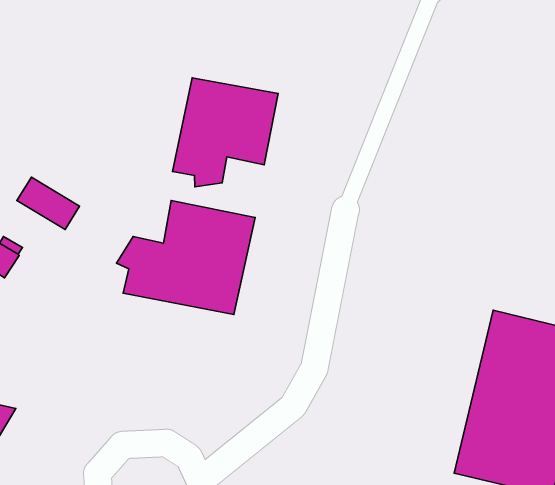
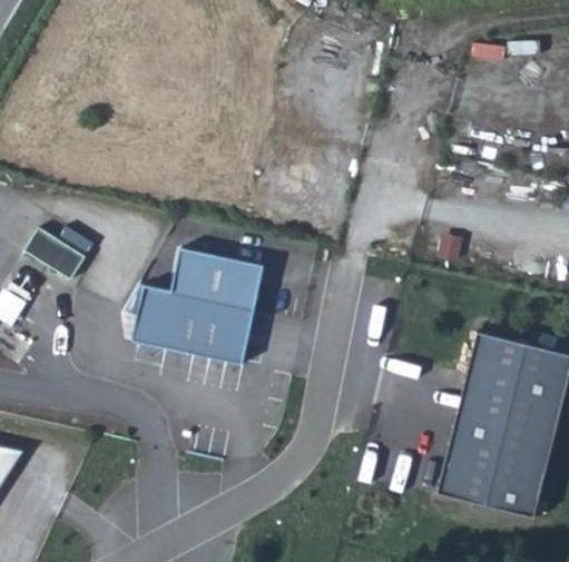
building: [172,78,278,187] -> none

